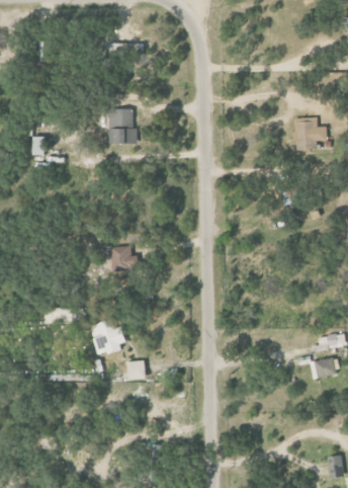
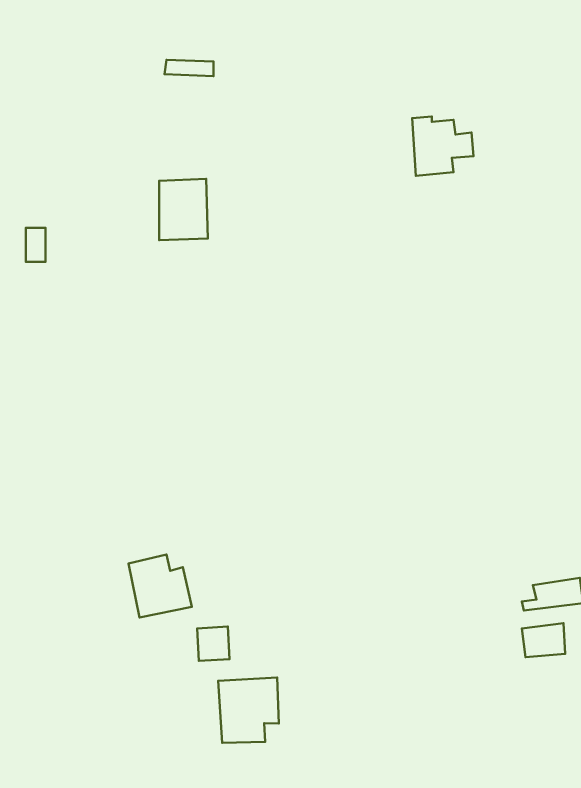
building: [293,117,328,151] -> [412,116,473,176]
building: [109,246,134,271] -> none
building: none -> [218,678,279,743]

